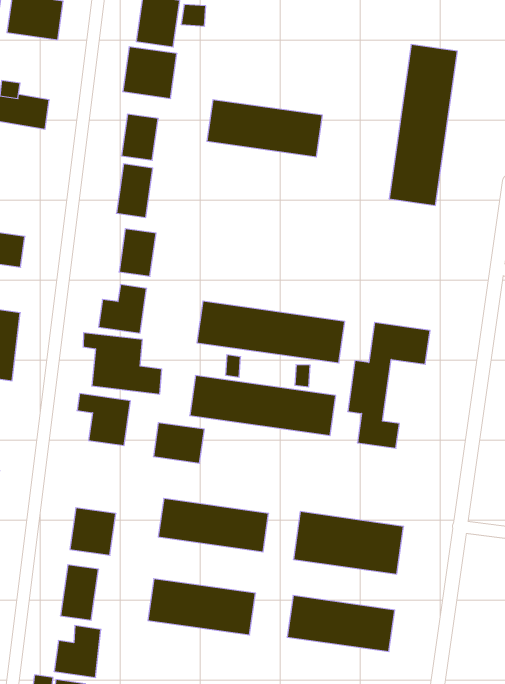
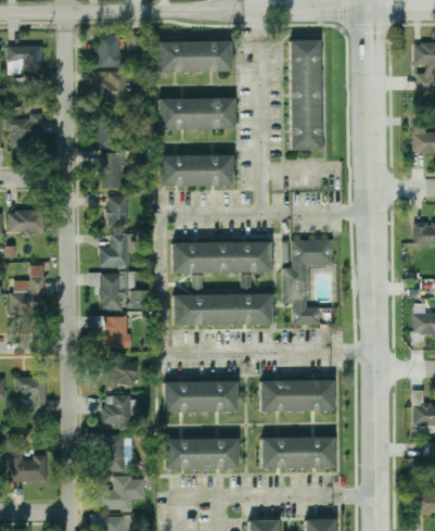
building: none -> [159,45,230,73]
building: none -> [159,159,233,188]
building: [153,423,204,463] -> [104,363,137,387]

